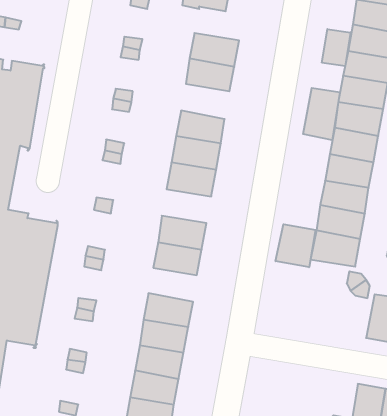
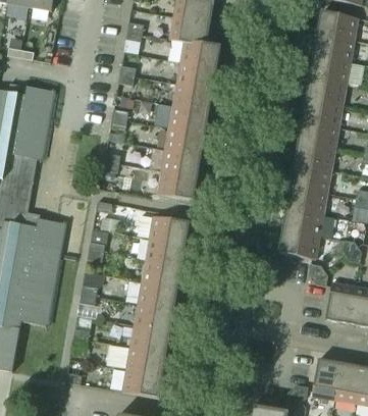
building: none -> [179,40,221,68]
building: [322,29,350,66] -> none
building: none -> [168,105,209,135]
building: [303,88,340,140] -> none
building: [276,224,316,267] -> none
building: none -> [141,260,181,289]

